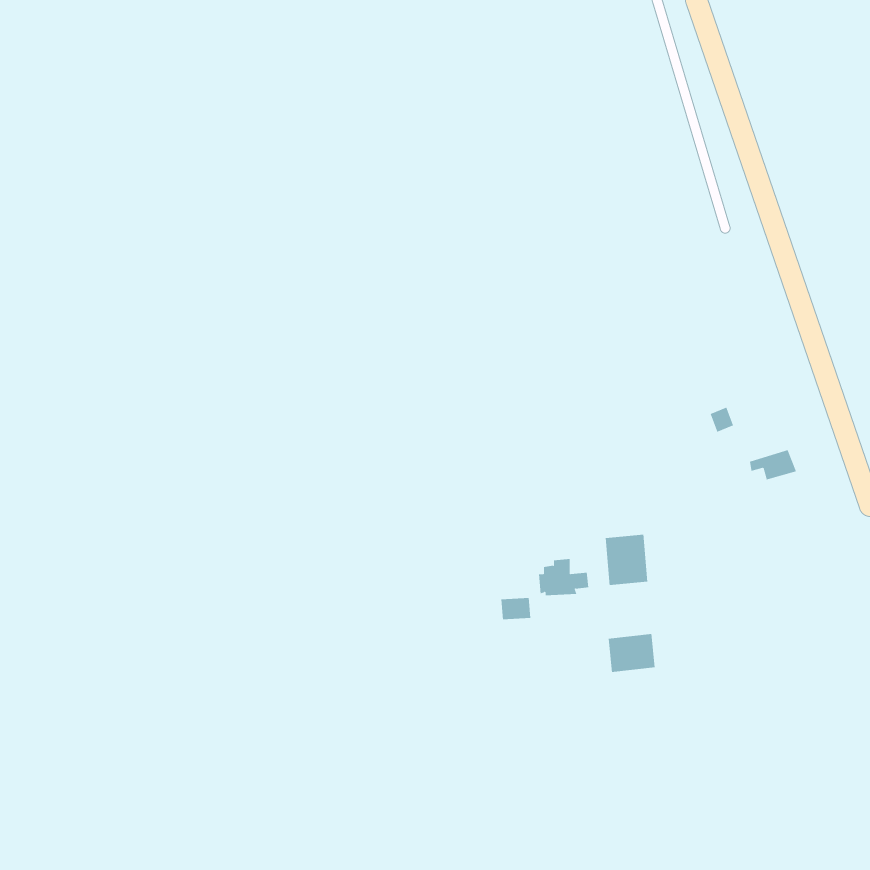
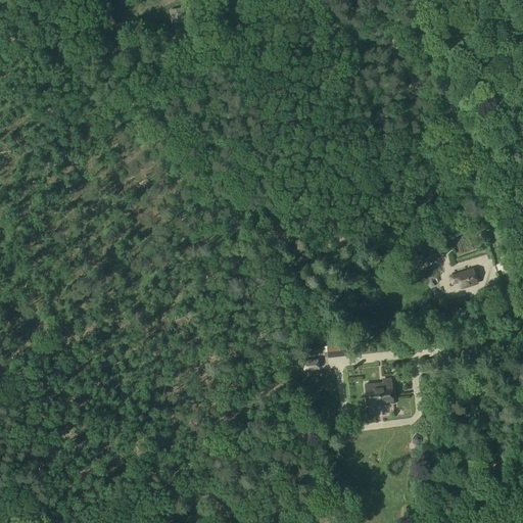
building: [605,534,648,586] -> none

